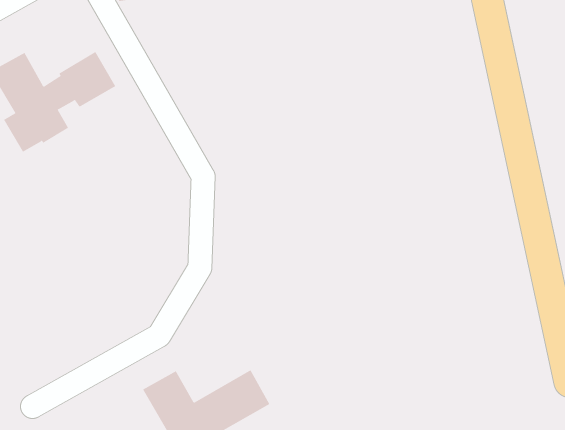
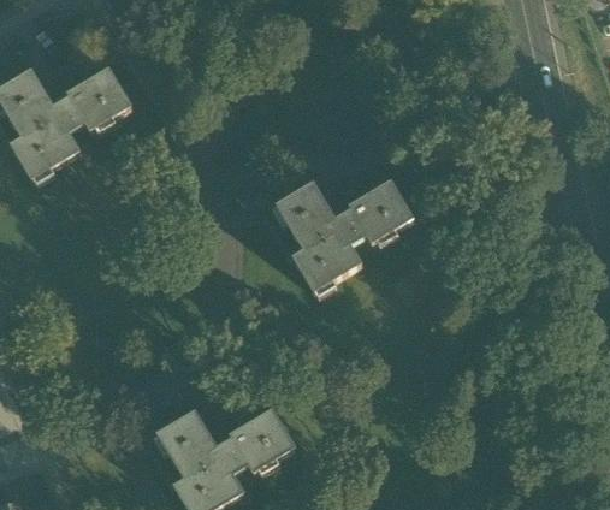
building: none -> [276,179,411,289]

